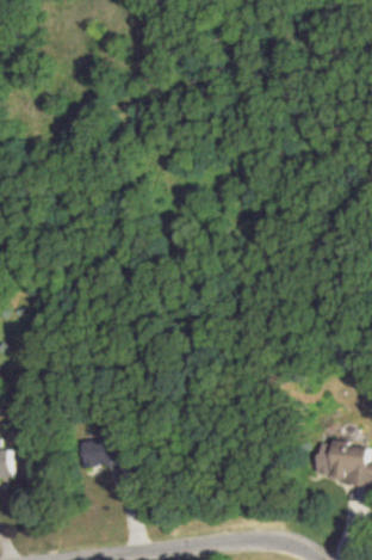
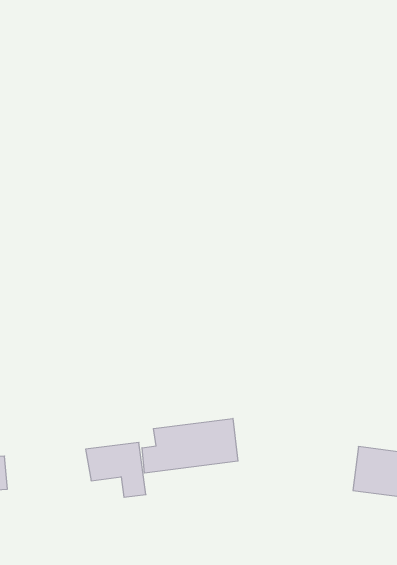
building: none -> [142,418,238,473]

